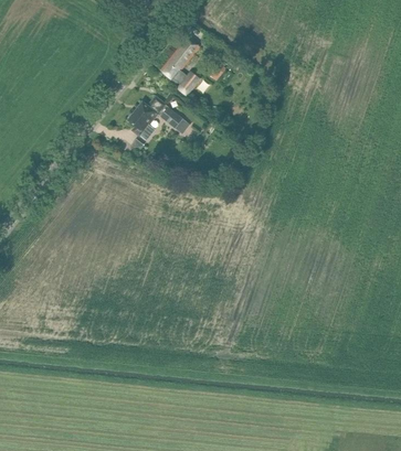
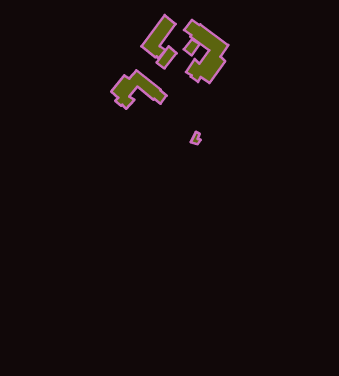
building: none -> [184,20,228,83]

